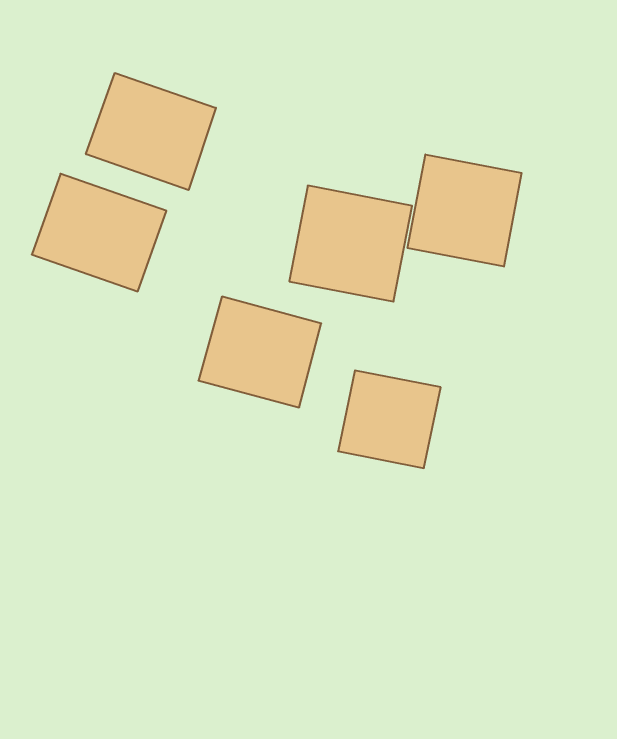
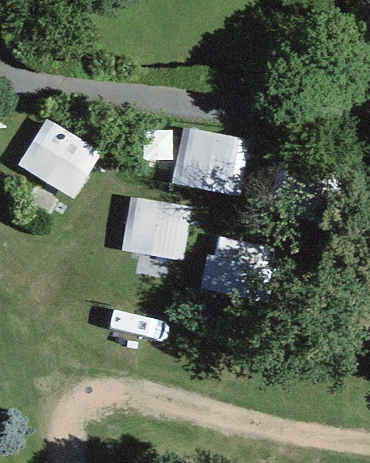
building: [86,73,216,190] -> none
building: [408,154,522,267] -> none

